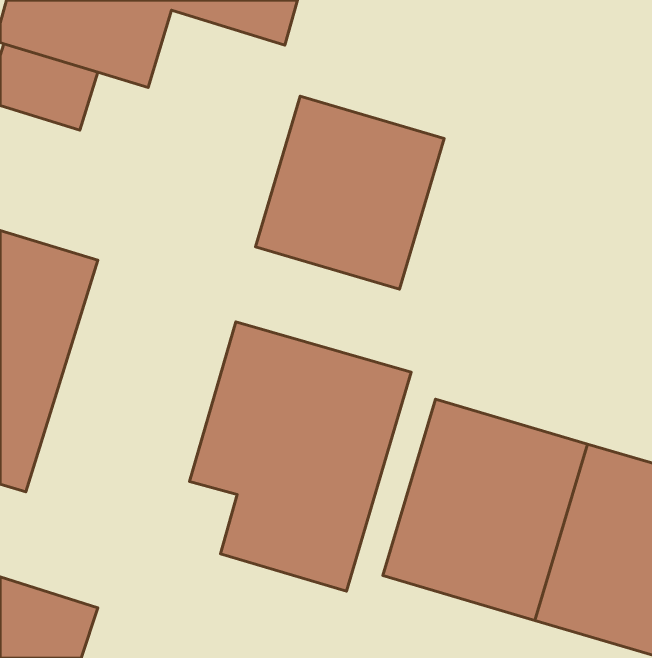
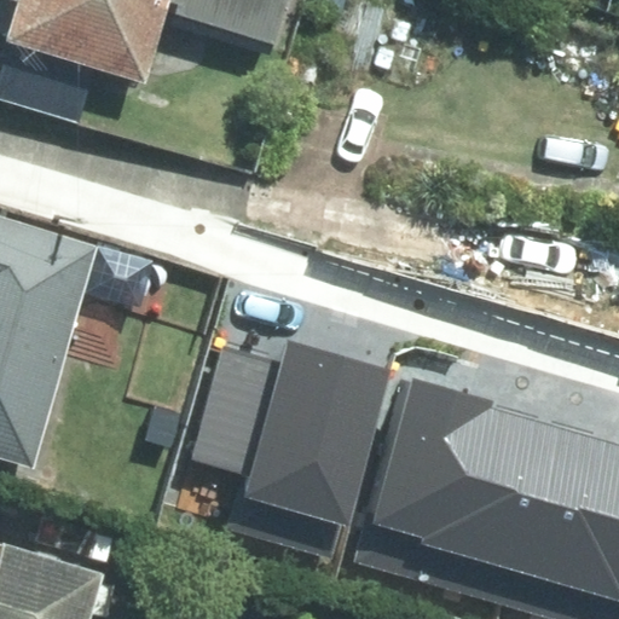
building: [255,96,444,289] -> none

